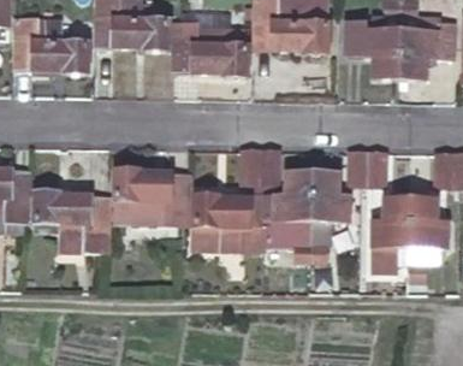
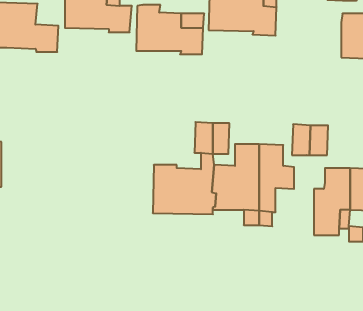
building: [348,20,402,78] -> none
building: [113,170,186,225] -> none
building: [35,191,106,250] -> none

